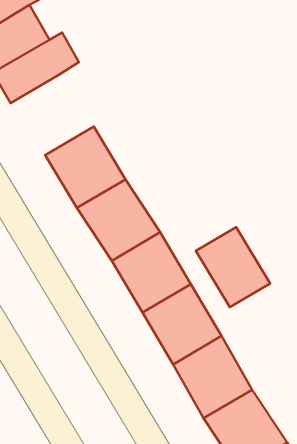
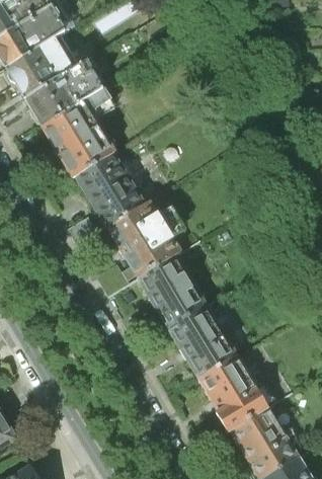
building: none -> [42,103,122,180]
building: [196,227,270,307] -> none

